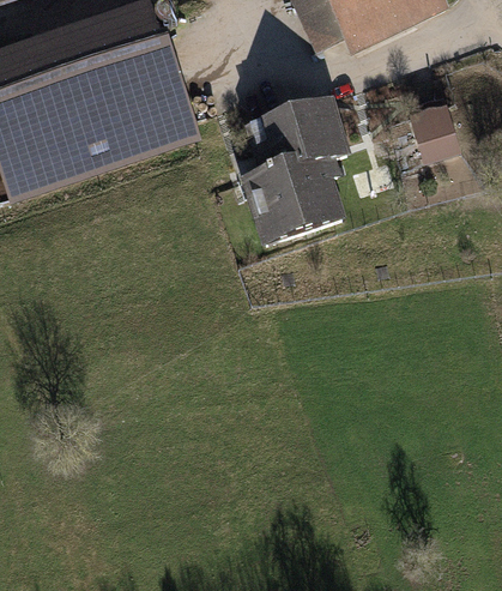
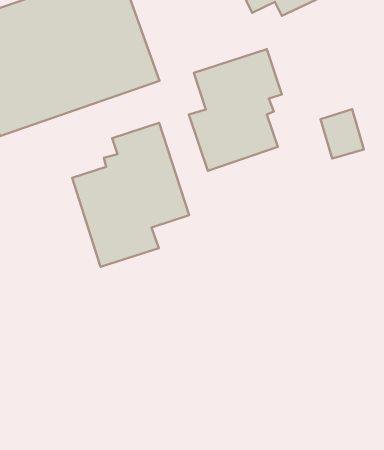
building: [409,99,461,159] -> [320,109,364,159]
building: none -> [72,123,189,267]

